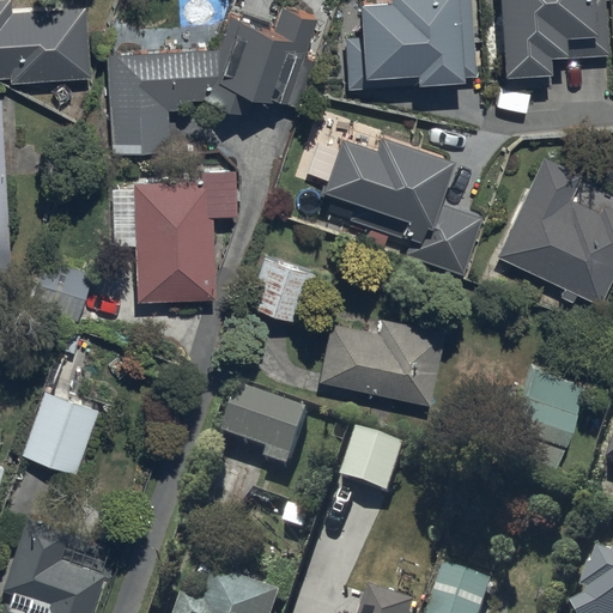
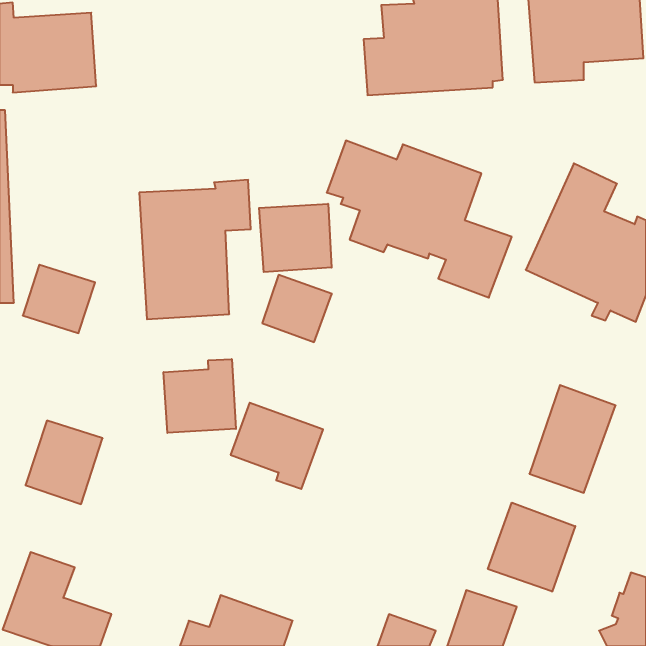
building: [107,8,316,156] -> none
building: none -> [259,204,332,272]
building: [320,320,444,409] -> none
building: none -> [164,359,236,433]
building: [340,425,403,486] -> none
building: none -> [488,503,575,592]

